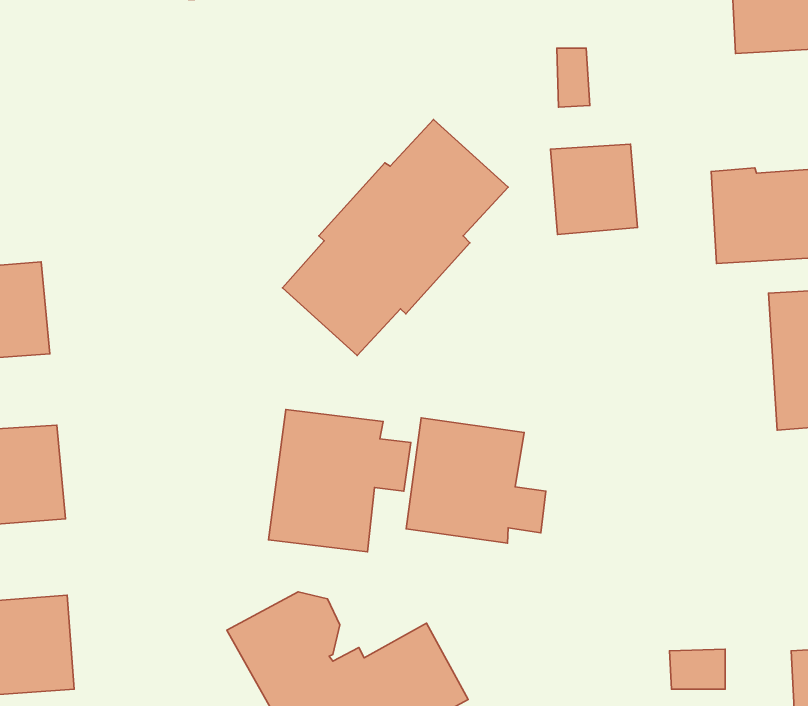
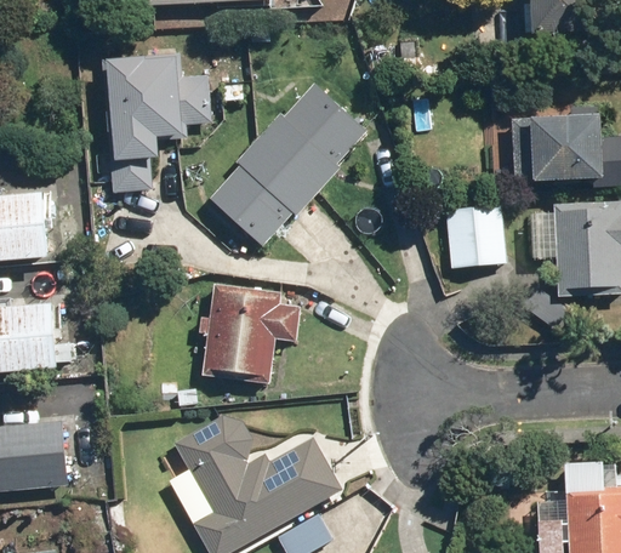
building: none -> [107,51,213,187]
building: [551,144,637,234] -> [446,209,507,272]
building: [406,418,546,543] -> none

